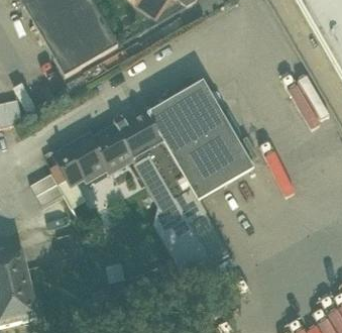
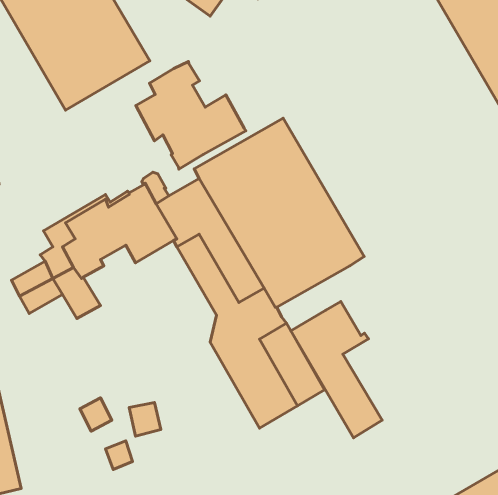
building: none -> [136,61,246,169]
building: none -> [291,301,382,438]

